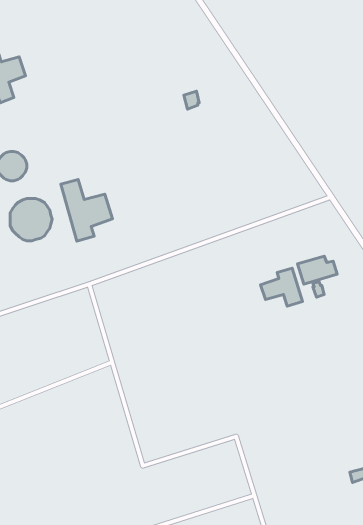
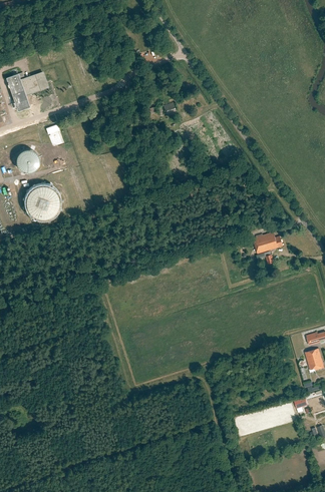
building: [61,180,112,241] -> none
building: [260,268,302,306] -> none

